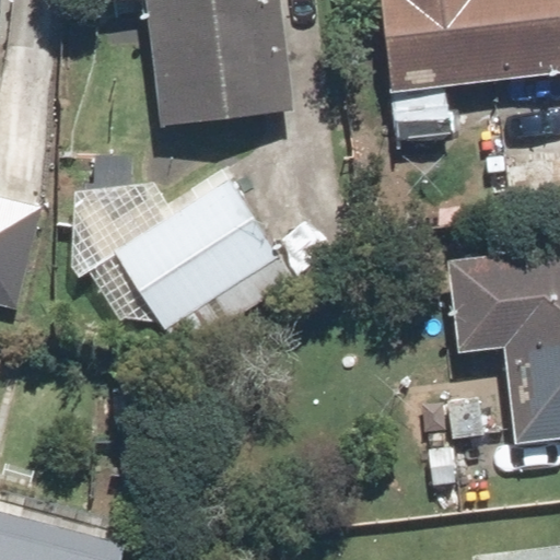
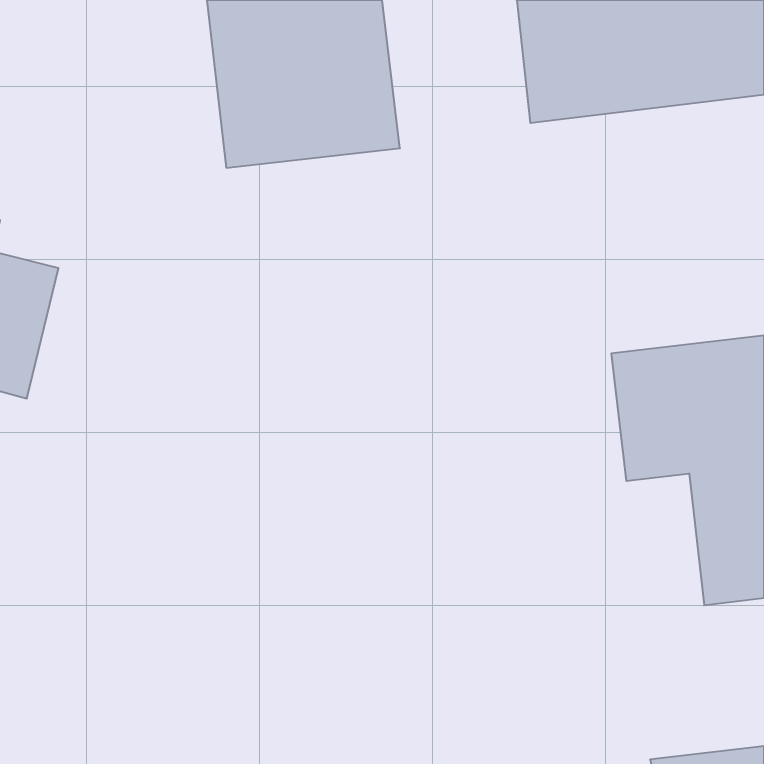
building: [116,179,294,352] -> none

